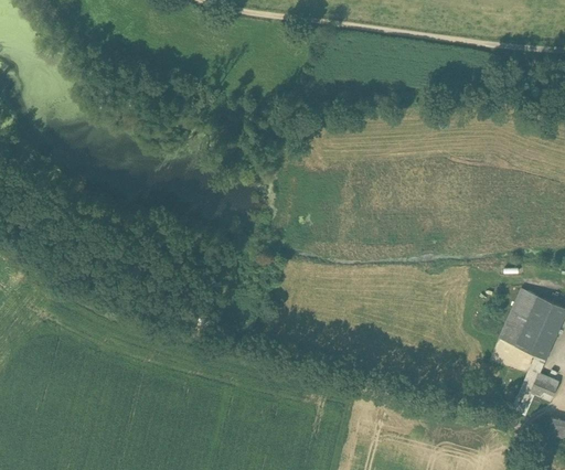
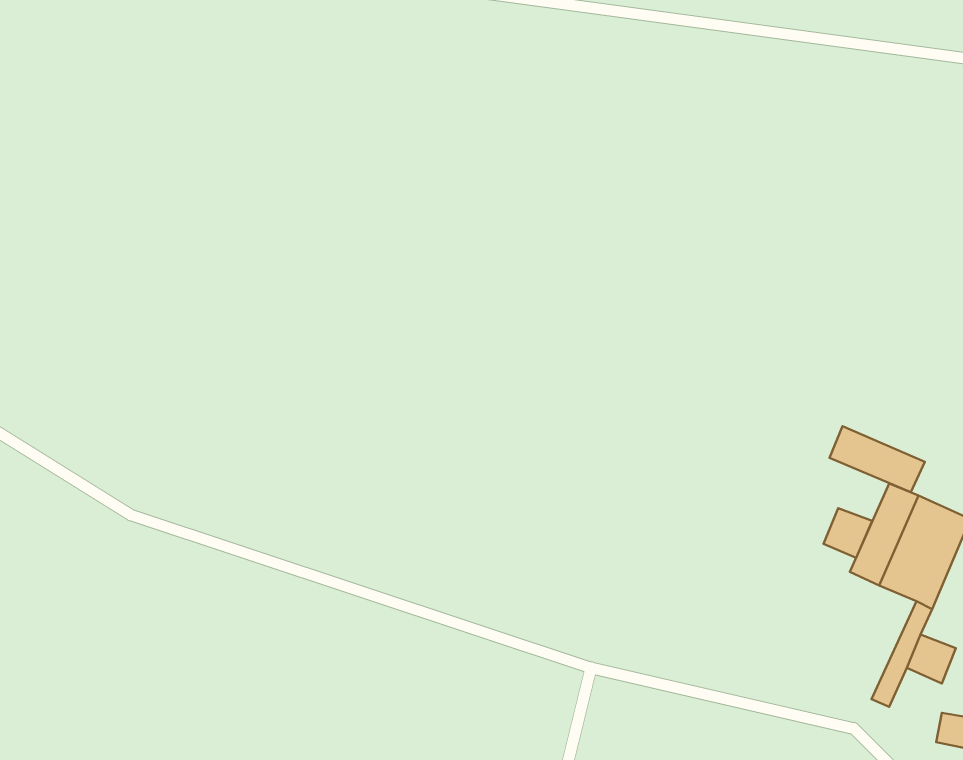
building: none -> [830,426,925,492]
building: none -> [824,508,872,558]

